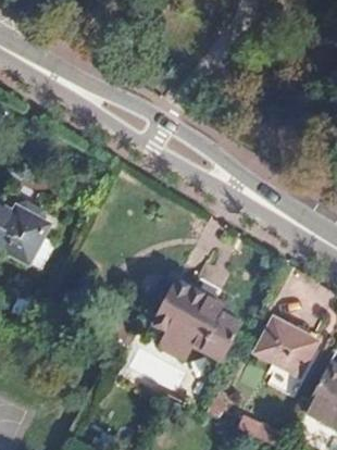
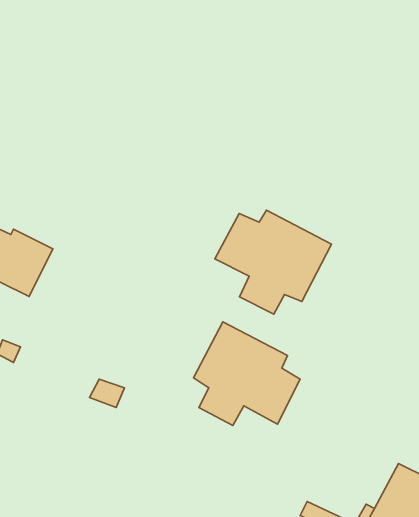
building: none -> [215,210,331,314]
building: [253,317,313,373] -> none

